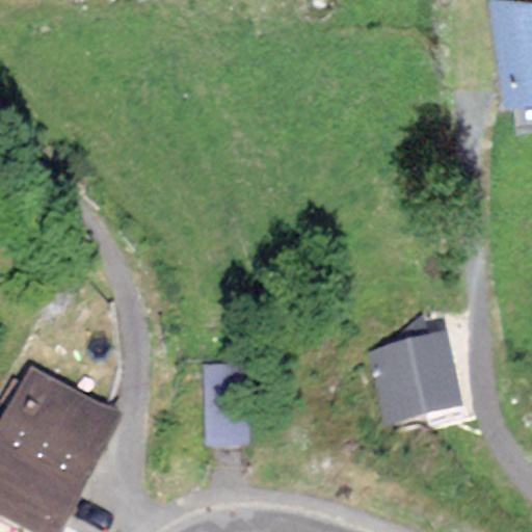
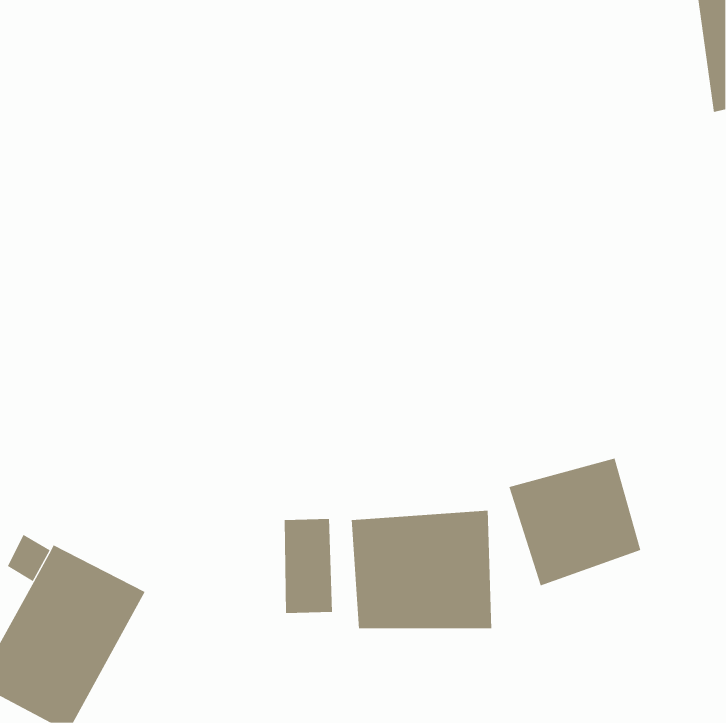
building: none -> [351,510,492,629]

